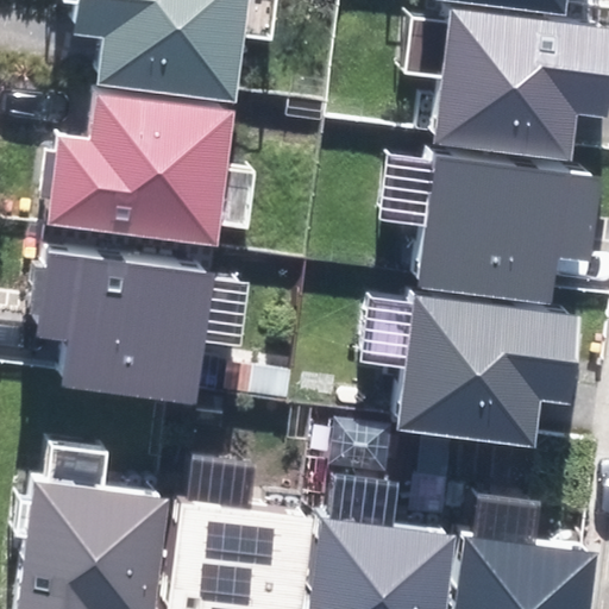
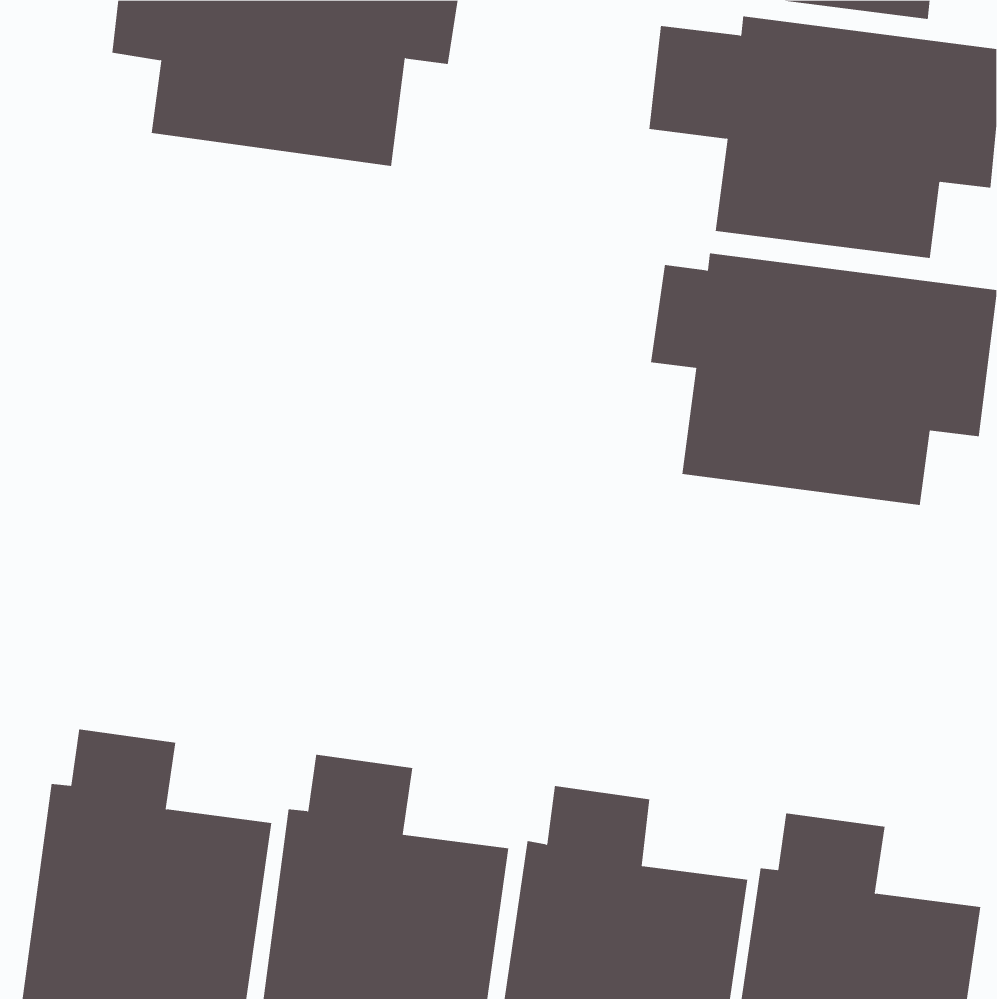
building: [42,92,253,245] -> none
building: [32,249,245,406] -> none
building: [375,295,586,447] -> none

